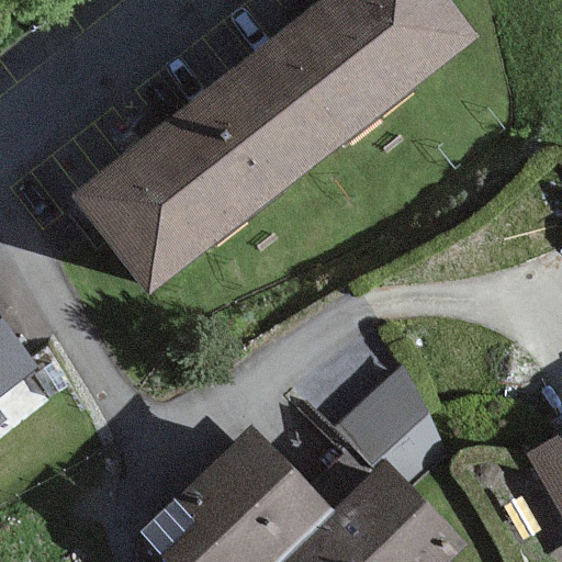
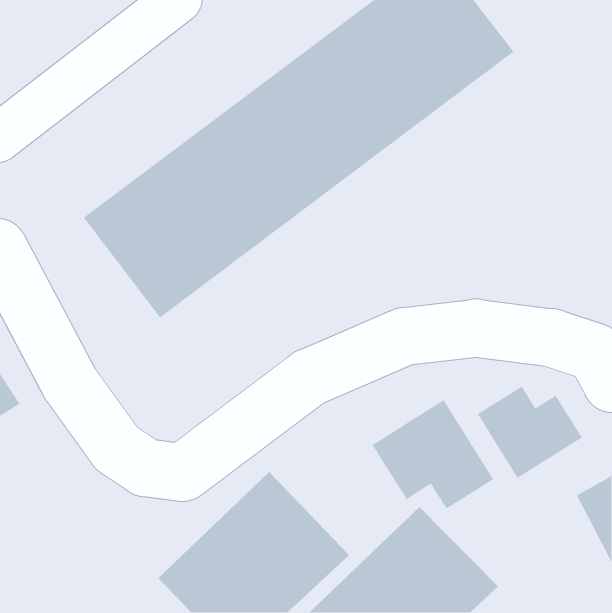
building: none -> [477,386,583,479]

